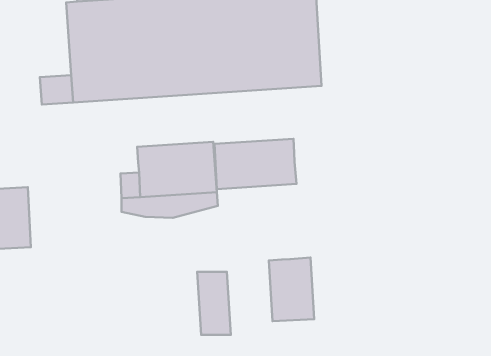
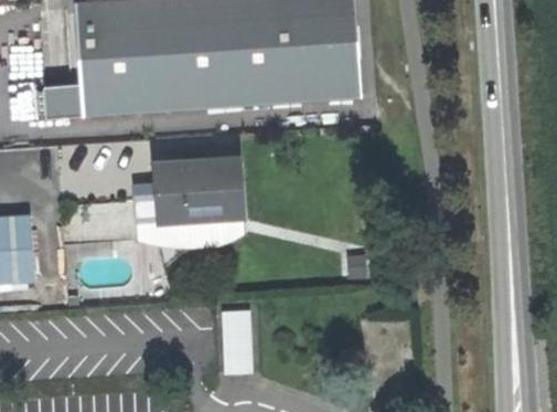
building: [215,139,297,189] -> none
building: [269,258,314,321] -> none

